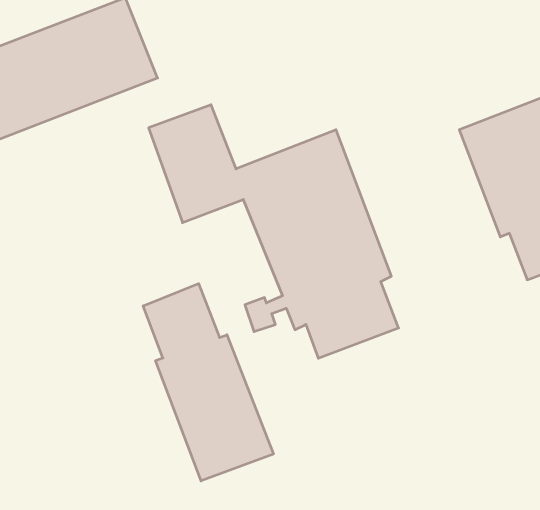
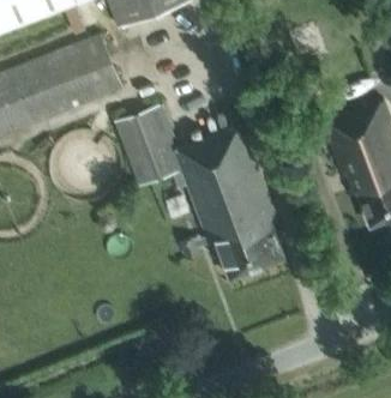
building: [143,284,273,481] -> none

